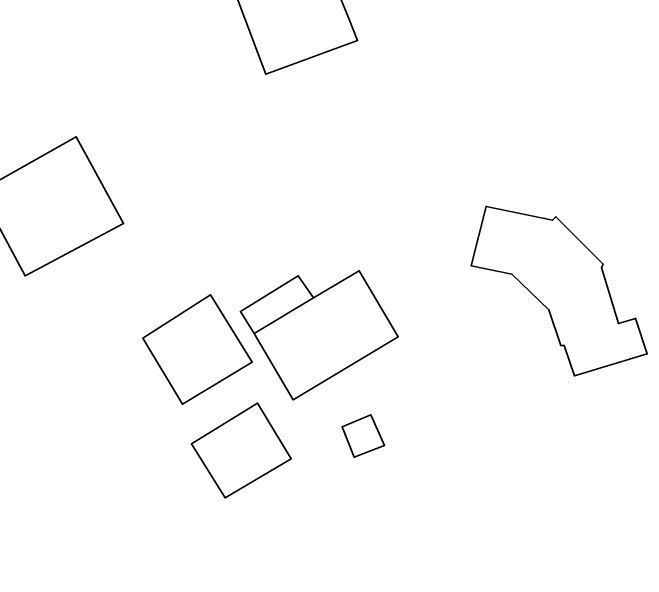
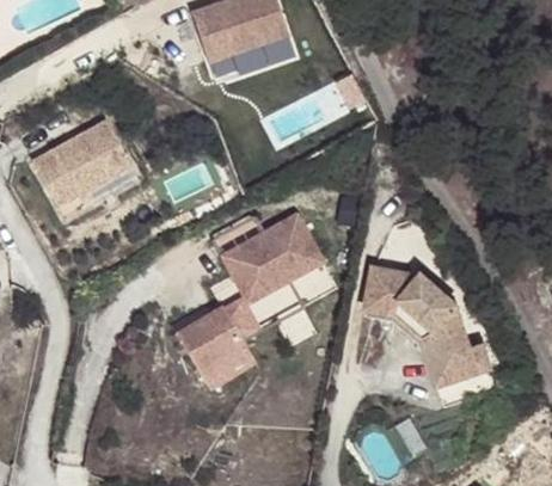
building: [471,207,647,376] -> [364,266,489,386]
building: [143,295,252,404] -> none

